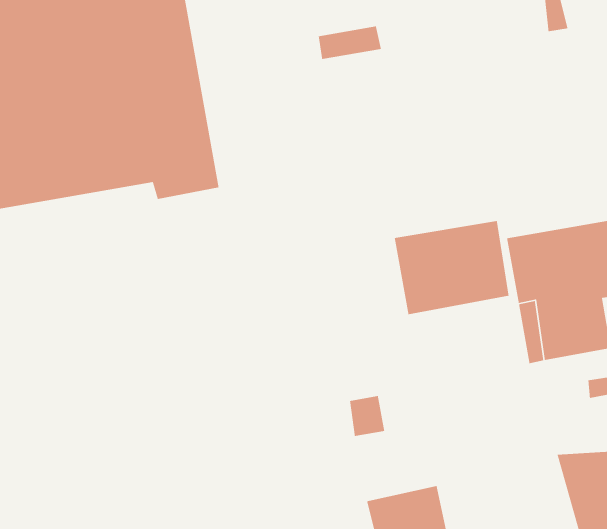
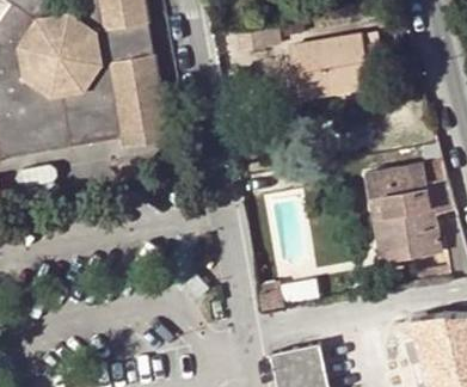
building: [394,220,510,315] -> [289,36,369,102]

